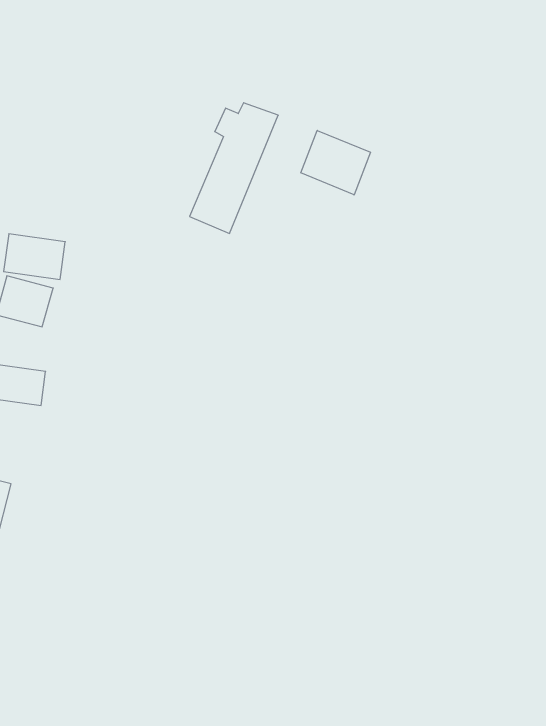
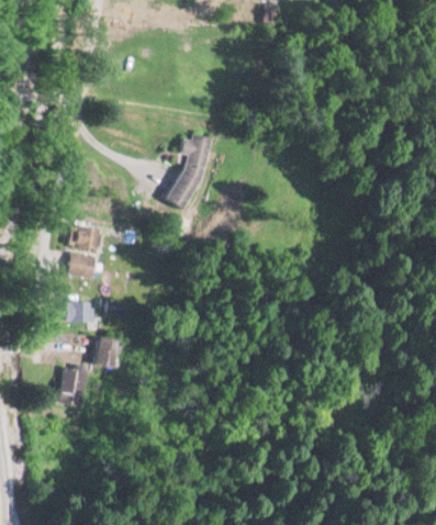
building: [301,130,371,195] -> none
building: none -> [93,337,121,369]

